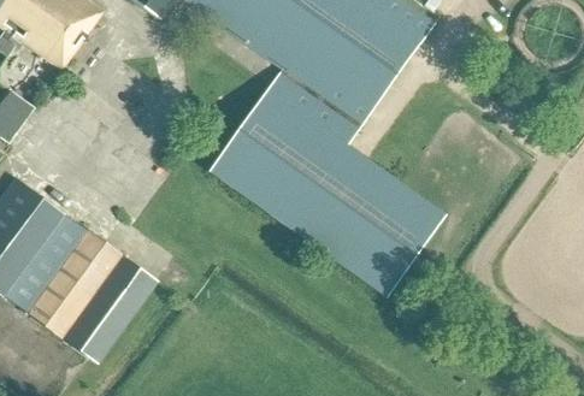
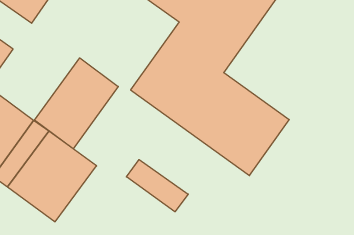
building: none -> [35,58,118,149]
building: none -> [126,160,188,212]

